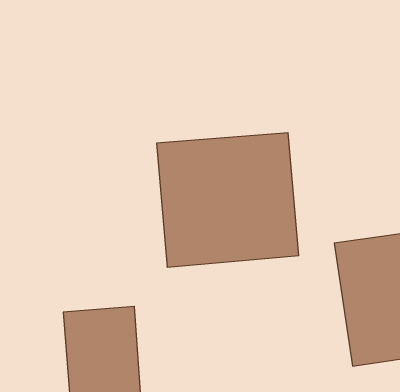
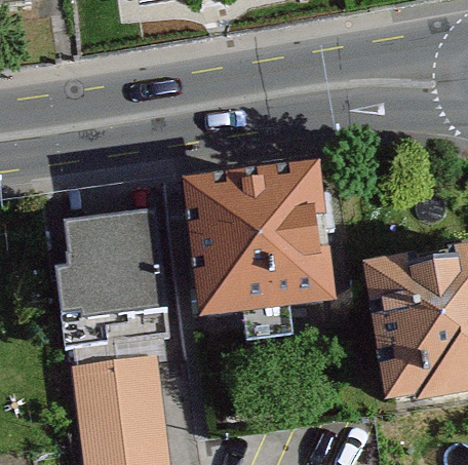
building: none -> [65,222,160,319]

